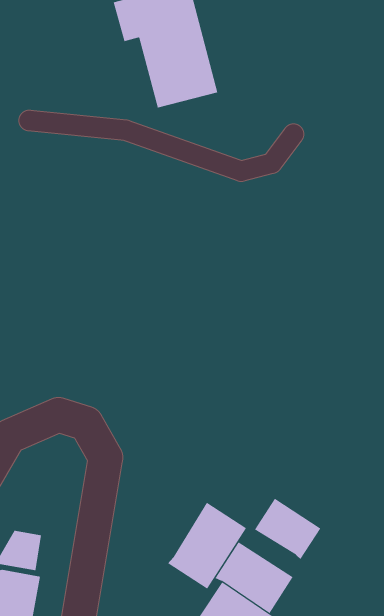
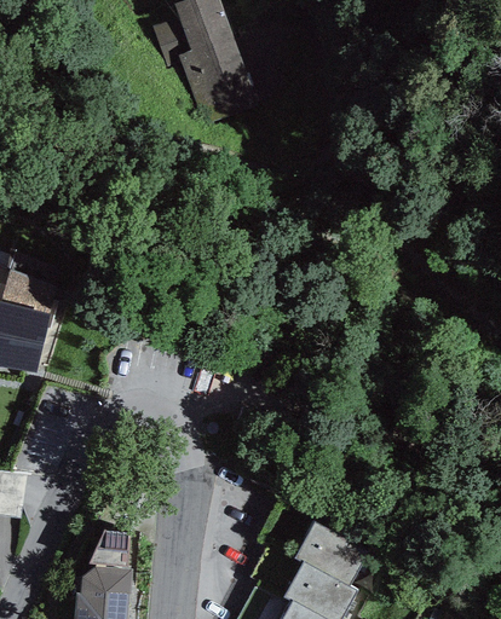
building: [254,498,321,560] -> none
building: [167,502,247,589] -> none

